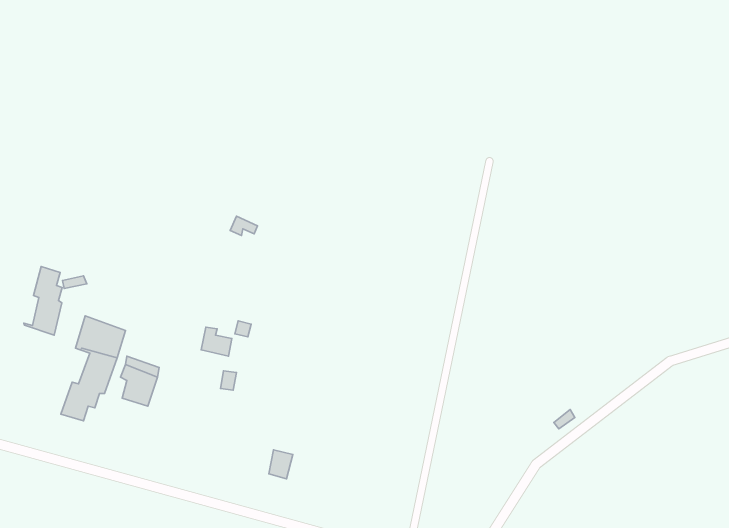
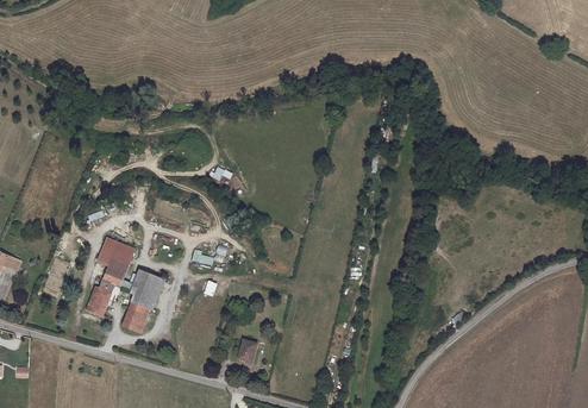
building: [24,266,62,335] -> none
building: none -> [123,300,150,331]

